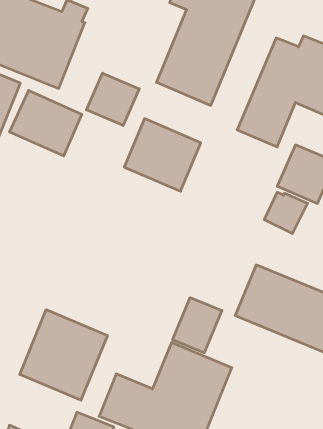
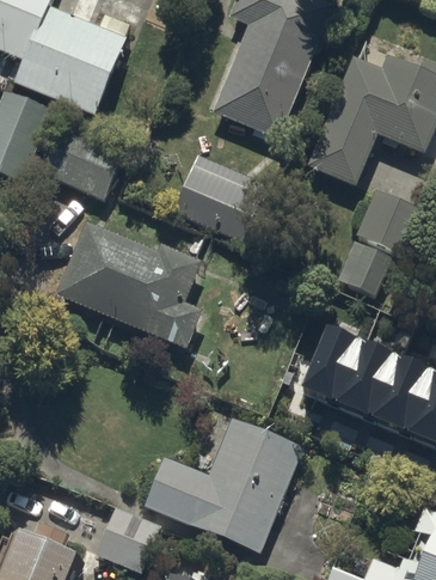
building: [86,73,139,126] -> none
building: none -> [55,221,203,349]
building: [173,298,222,353] -> none
building: [20,310,107,400] -> none

